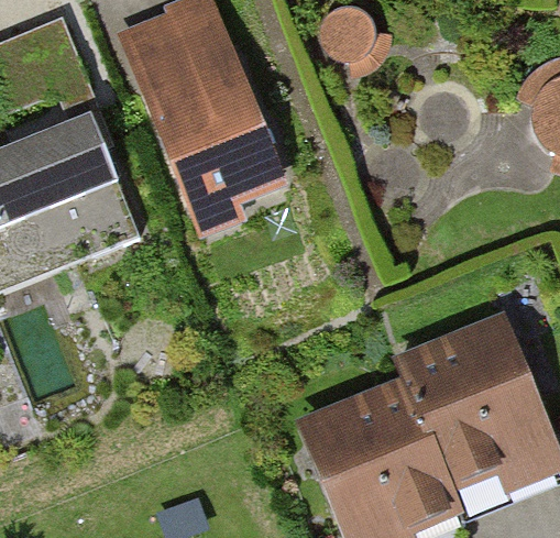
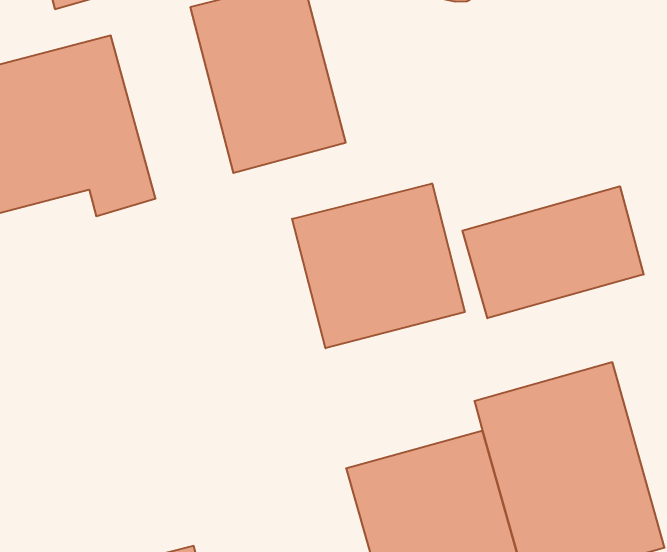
building: none -> [462,186,644,318]
building: none -> [292,183,465,348]

